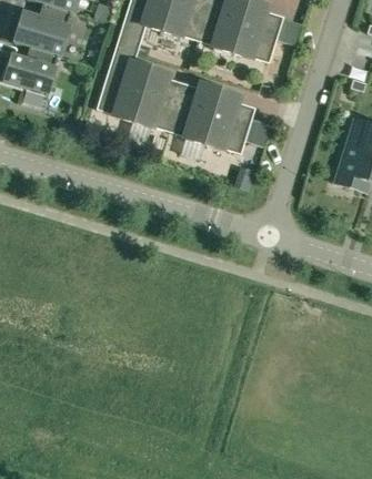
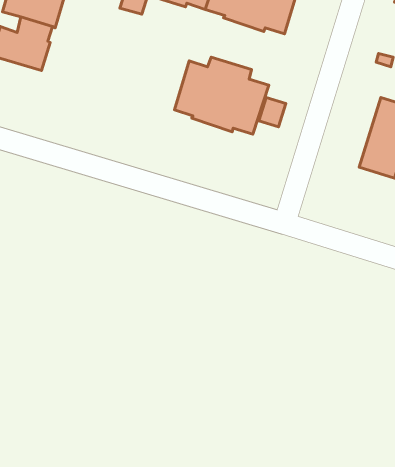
building: [98,38,182,130] -> none

